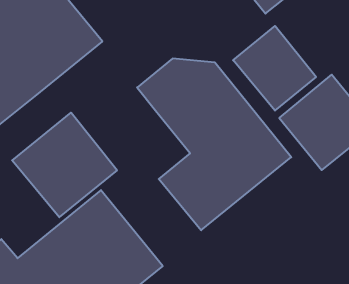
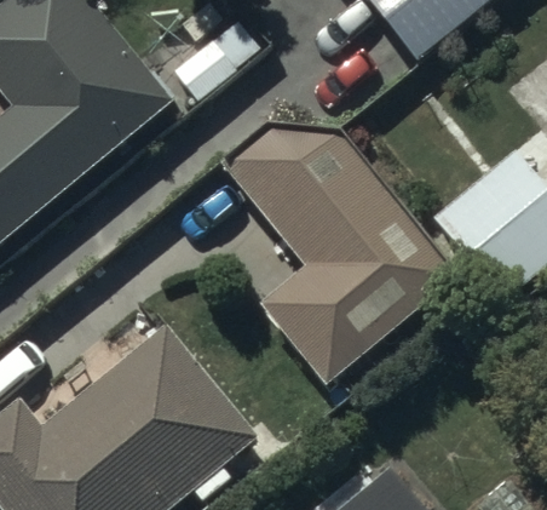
building: [233,26,316,111] -> none
building: [12,113,117,217] -> none

